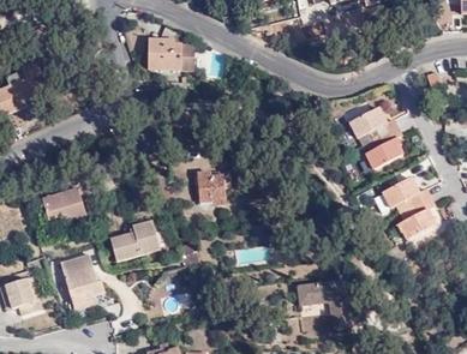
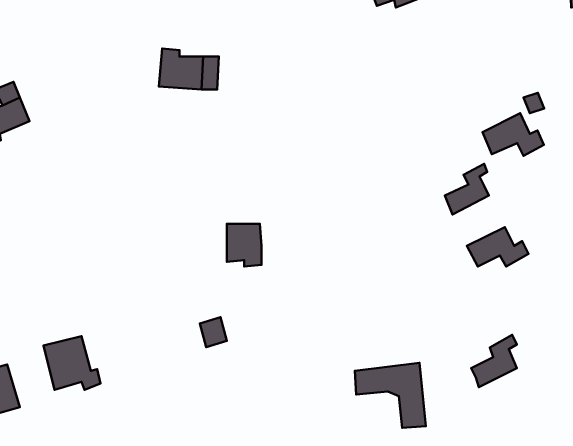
building: [348,103,395,136] -> [482,113,544,156]
building: [41,193,86,229] -> none
building: [397,196,432,235] -> [471,335,517,387]
building: [109,223,158,264] -> none

